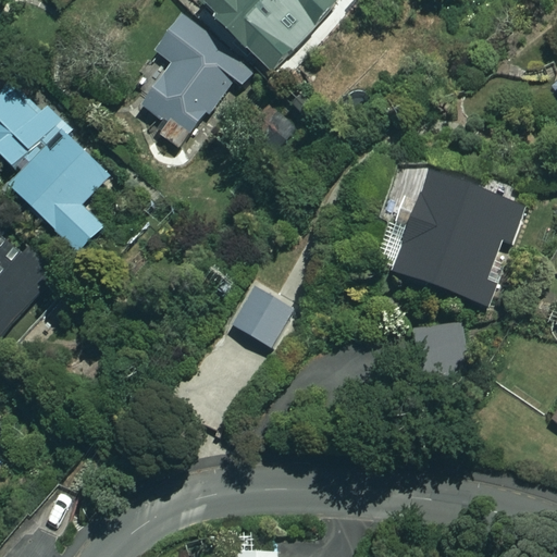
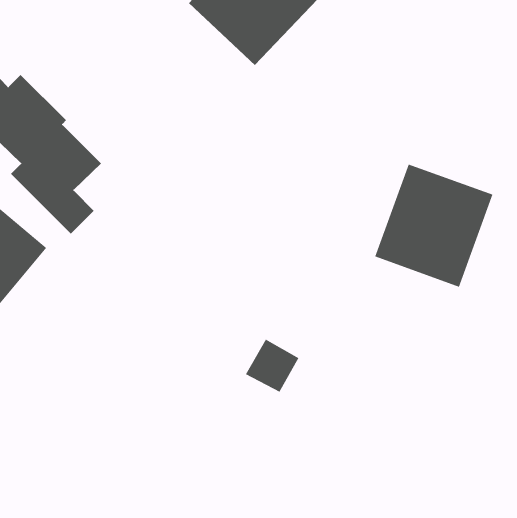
building: [137,16,243,143] -> none
building: [232,286,289,344] -> [245,338,299,393]
building: [412,318,465,382] -> none

